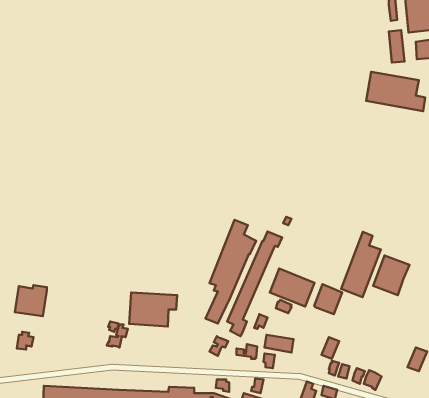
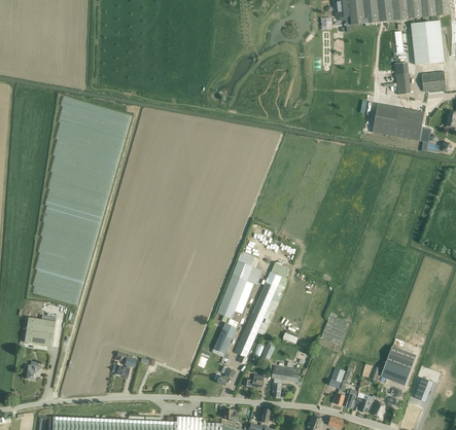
building: [341,232,381,297] -> none
building: [373,256,409,295] -> [381,345,417,384]
building: [270,268,314,306] -> none
building: [129,293,177,326] -> none

